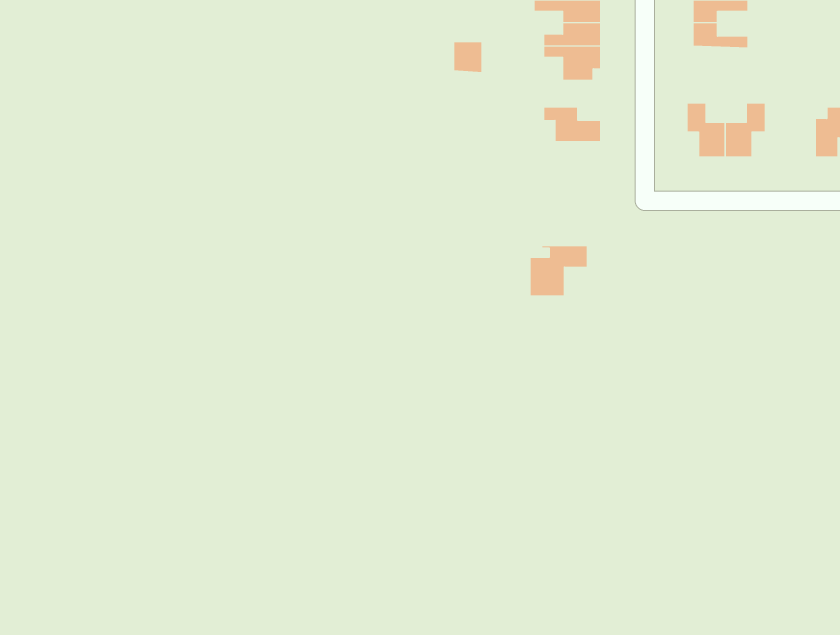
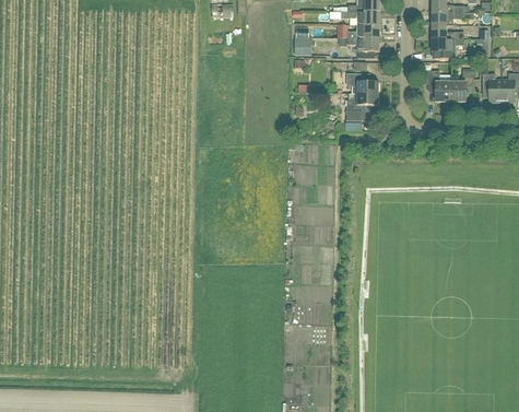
building: none -> [432,38,463,58]
building: none -> [482,73,502,102]
building: [530,246,587,296] -> [346,93,379,121]

